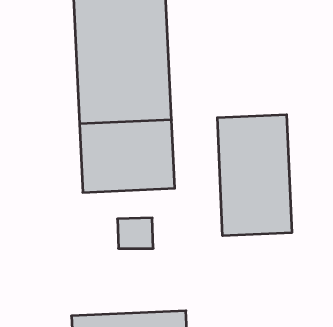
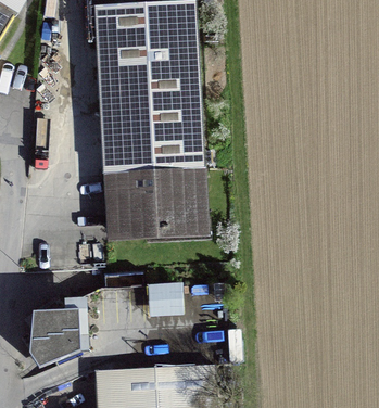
building: [217,115,292,236] -> none
building: none -> [30,306,81,366]

